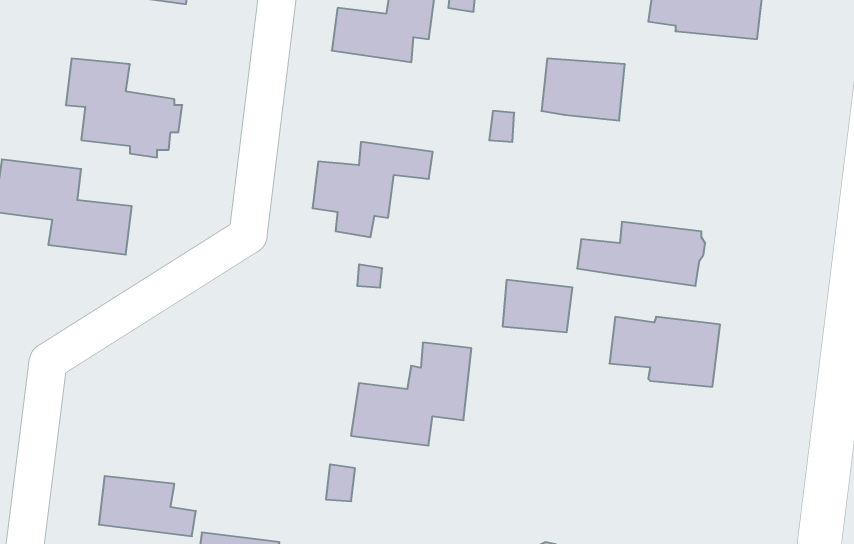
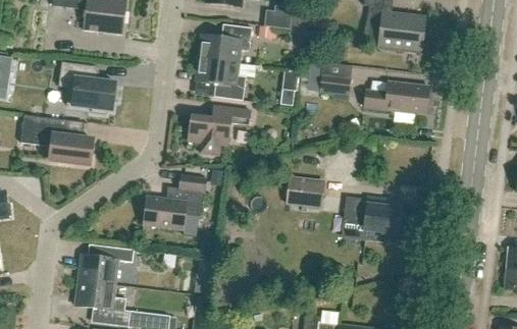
building: none -> [196,57,246,100]
building: [577,222,705,286] -> [364,80,431,114]
building: [351,343,471,445] -> [143,175,206,229]
building: none -> [79,246,135,284]

